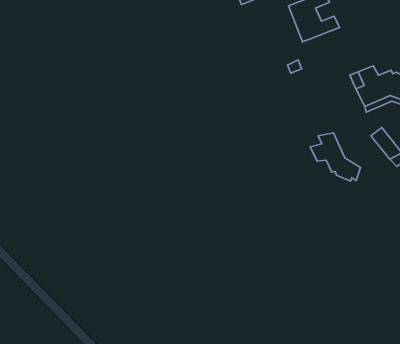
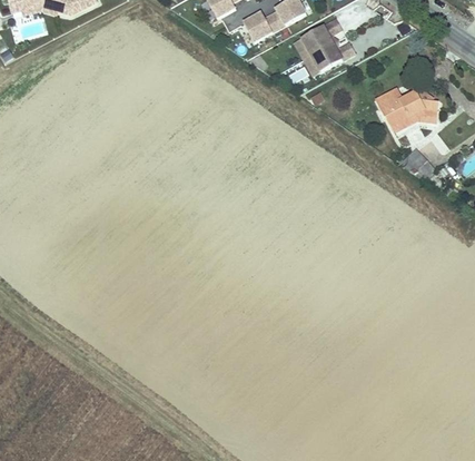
building: [310,133,360,181] -> none

